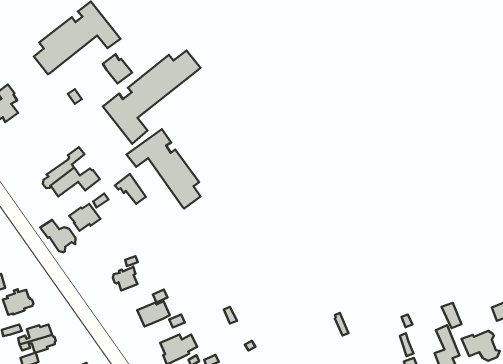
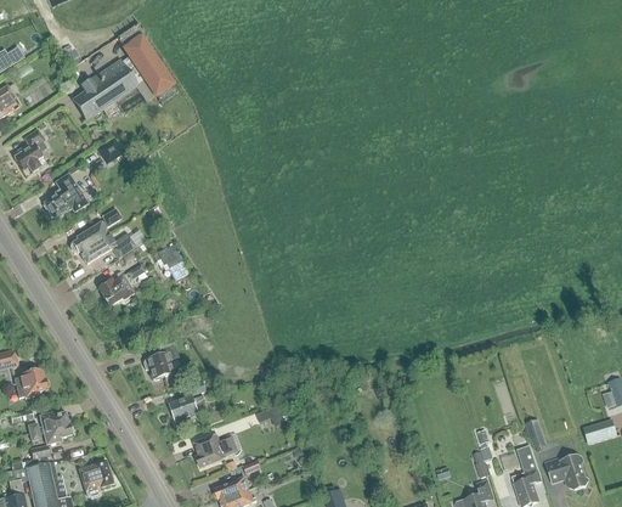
building: [103,51,200,144] -> none
building: [103,54,132,83] -> none
building: none -> [41,173,87,221]
building: [127,129,201,208] -> none
building: [40,220,75,252] -> none

